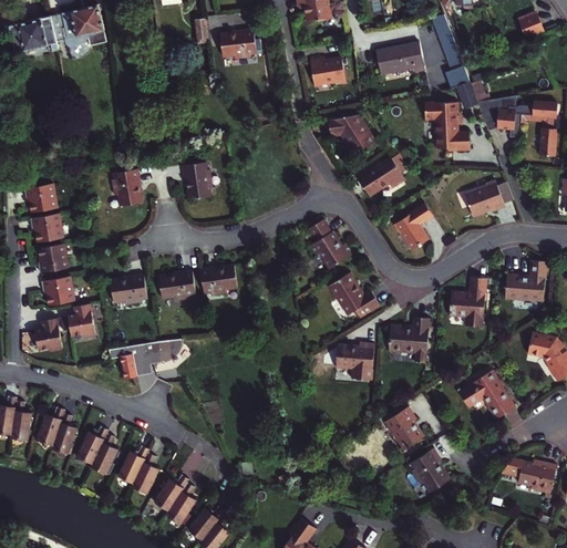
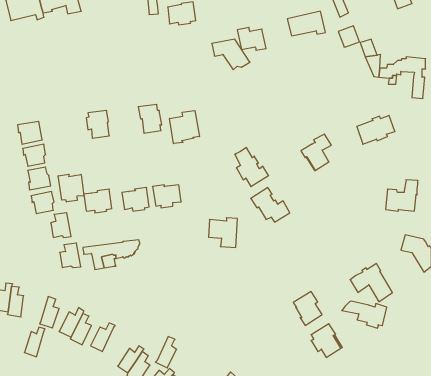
building: [425,100,470,147] -> none
building: [330,114,380,154] -> [212,39,250,70]
building: [358,152,409,195] -> none
building: none -> [170,111,199,144]
building: none -> [58,174,84,202]
building: [449,276,485,328] -> none
building: [388,317,430,362] -> none
building: [33,318,61,350] -> [60,243,81,268]
building: [336,339,373,378] -> [209,218,237,247]
building: [38,407,64,446] -> [24,327,45,357]
building: [132,454,159,495] -> [155,337,177,368]
building: [496,456,555,492] -> [342,301,387,328]

